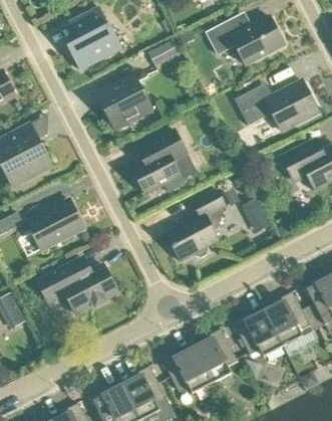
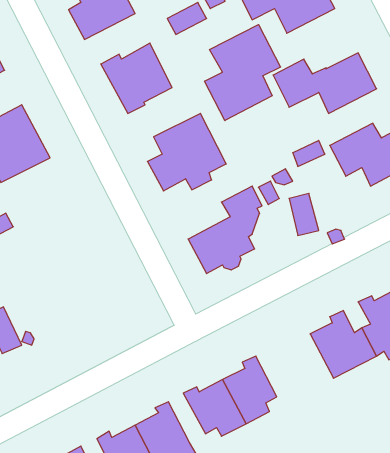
building: none -> [205,25,281,121]
building: [26,198,83,249] -> none
building: [37,256,116,312] -> none
building: [232,309,283,356] -> none

